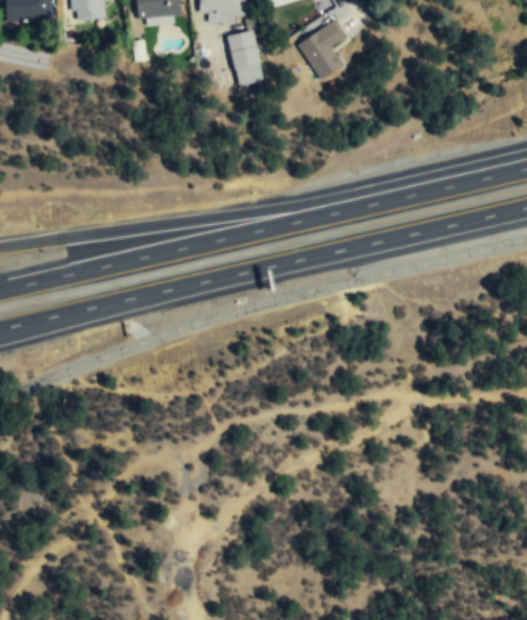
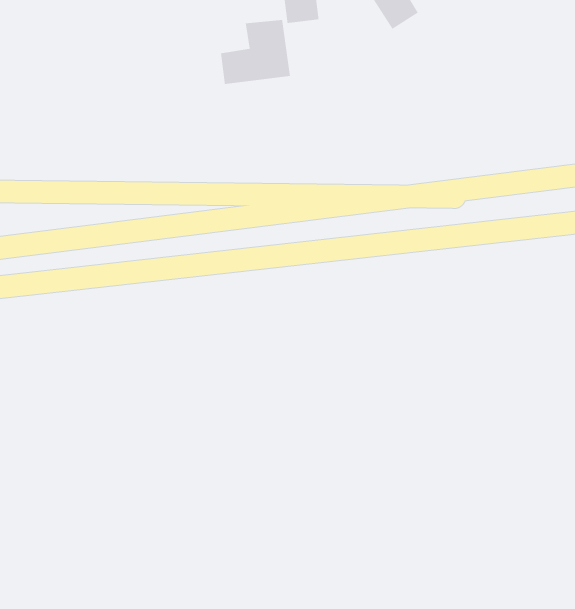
building: none -> [220,19,291,85]

